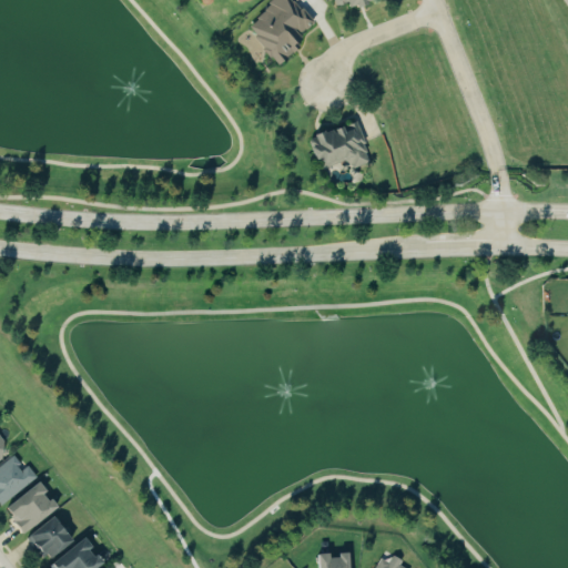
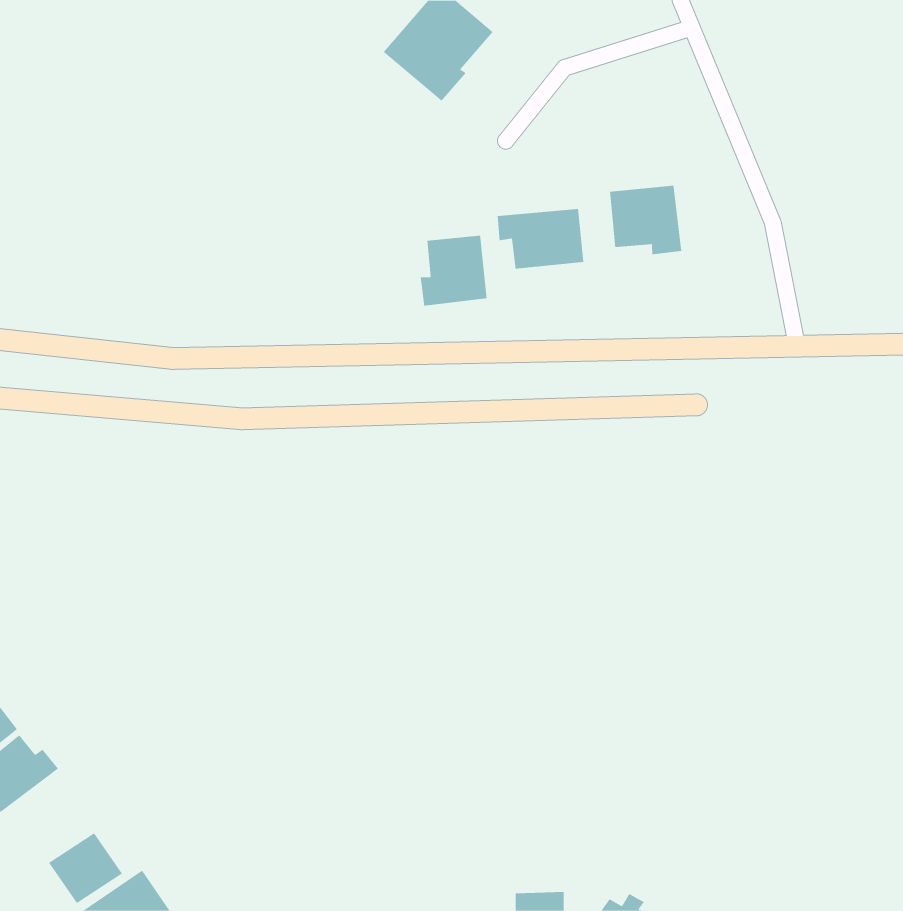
building: none -> [609,185,682,255]
building: none -> [420,235,487,306]
building: [7,484,60,536] -> none

